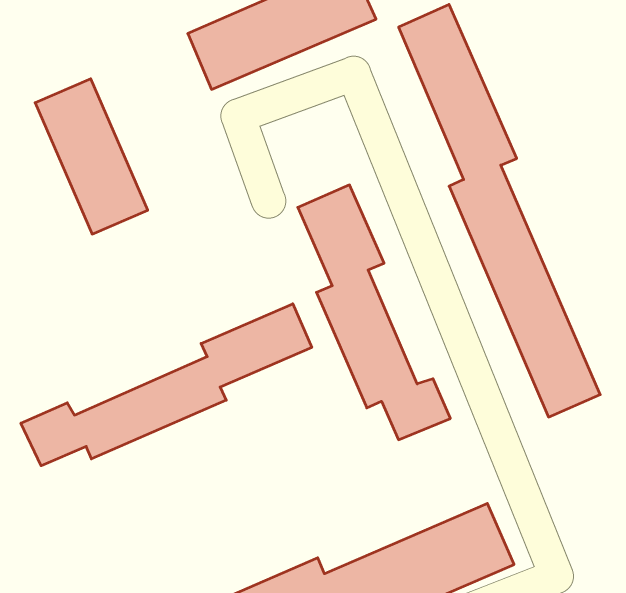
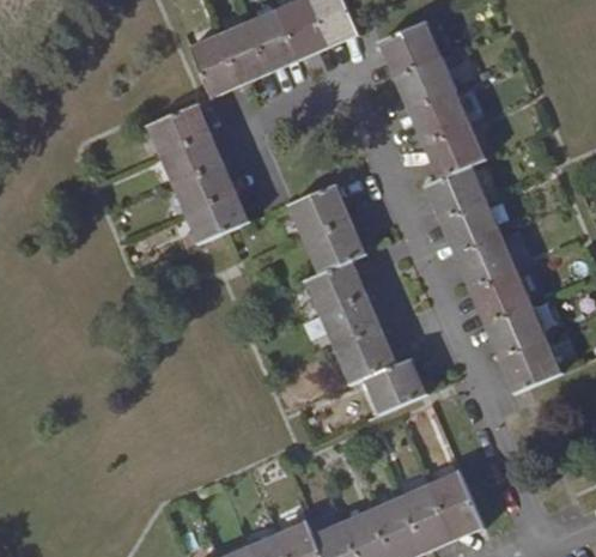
building: [35,79,148,234] -> [147,103,249,243]
building: [21,304,312,466] -> none

